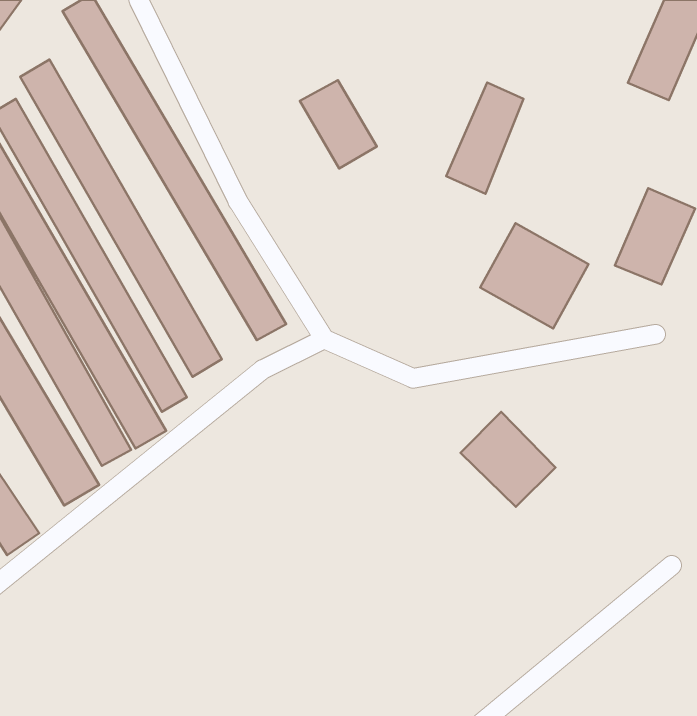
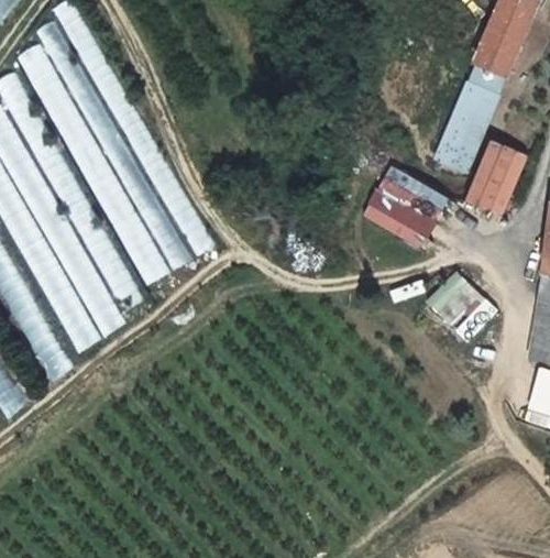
building: none -> [33,20,192,271]
building: [300,80,377,169] -> none
building: [446,83,524,194] -> [436,84,494,167]
building: [460,412,555,507] -> [424,271,495,342]

